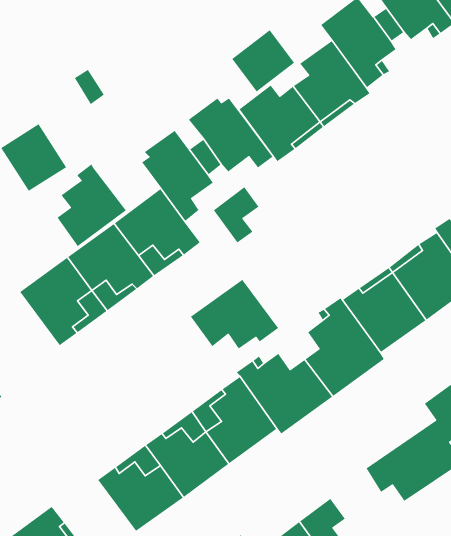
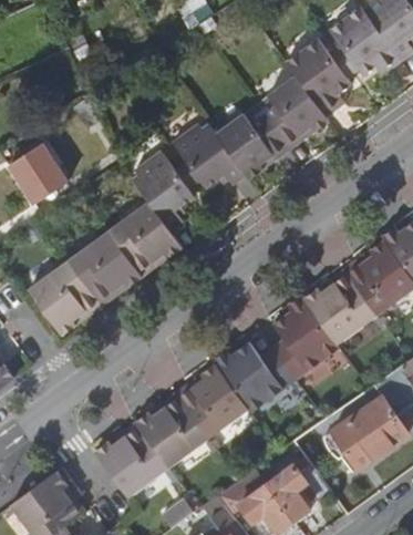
building: [231,29,295,93] -> none
building: [57,163,127,247] -> none
building: [213,186,260,243] -> none
building: [190,279,279,350] -> none

